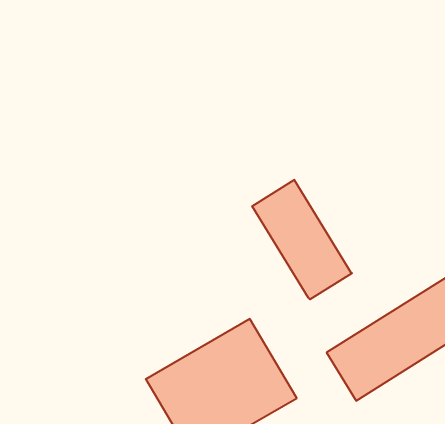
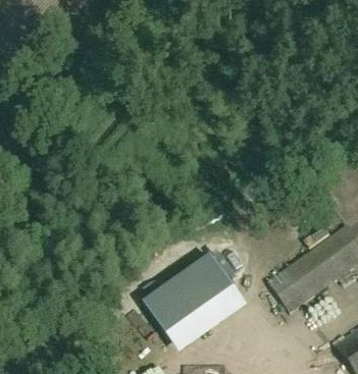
building: [252,180,352,299] -> none

